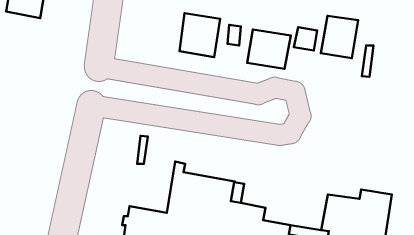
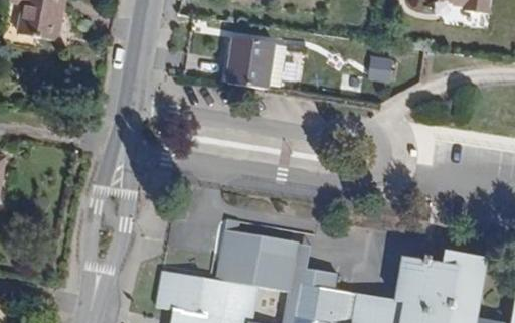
building: [321,16,358,58] -> none
building: [247,29,291,69] -> none

